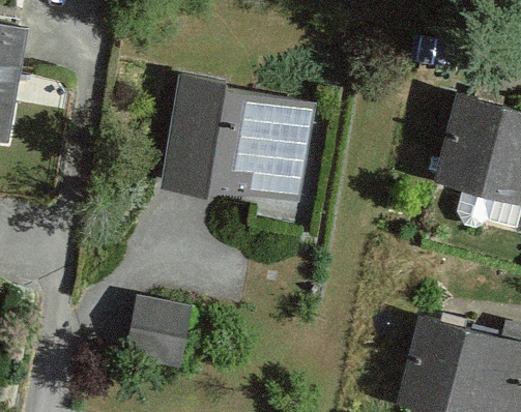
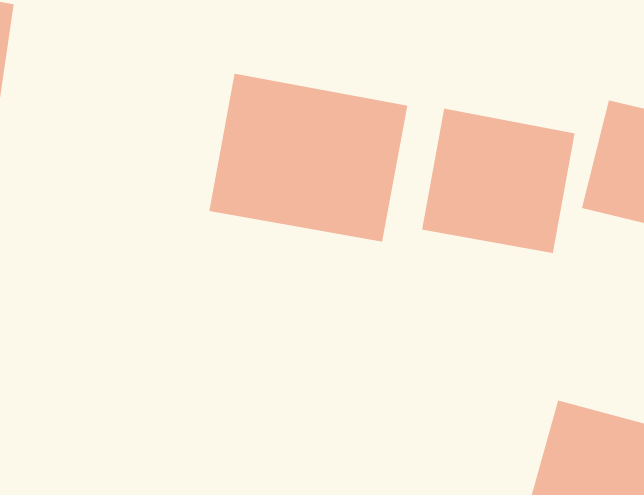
building: none -> [422,108,575,254]
building: [128,299,191,369] -> none

